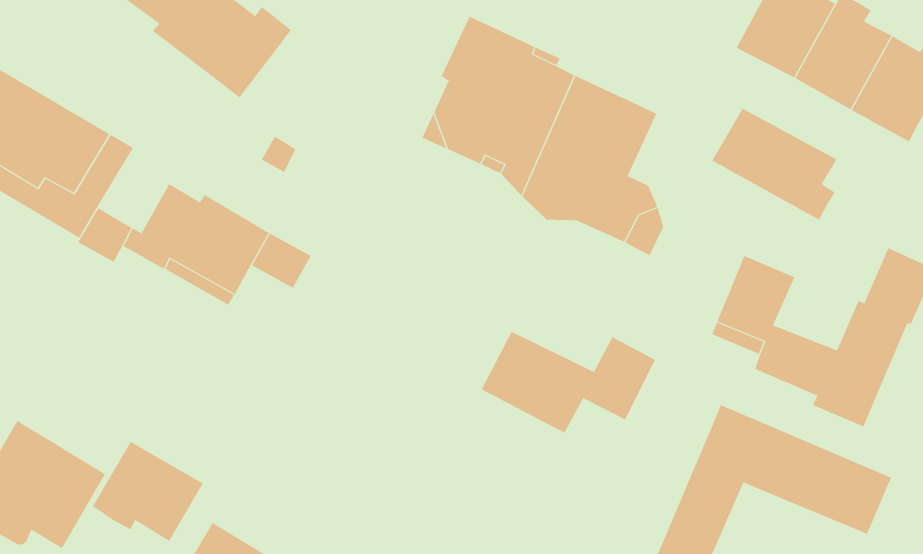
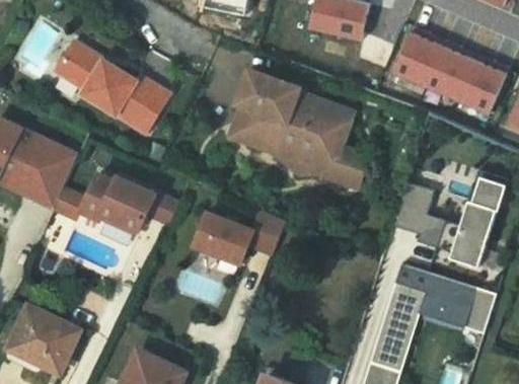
building: [712,108,837,220] -> none
building: [481,331,656,434] -> [194,211,285,264]
building: [92,441,203,542] -> none

